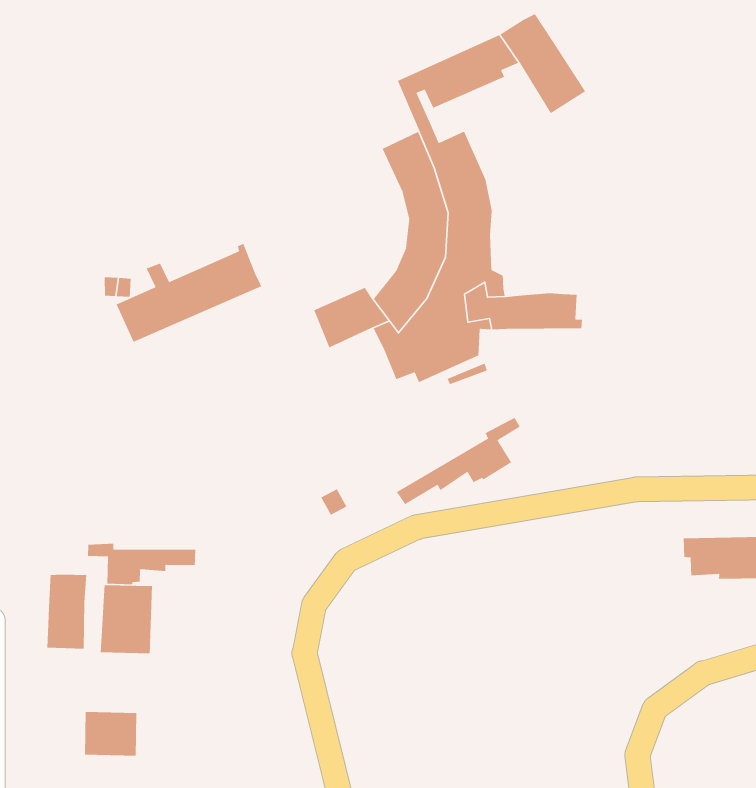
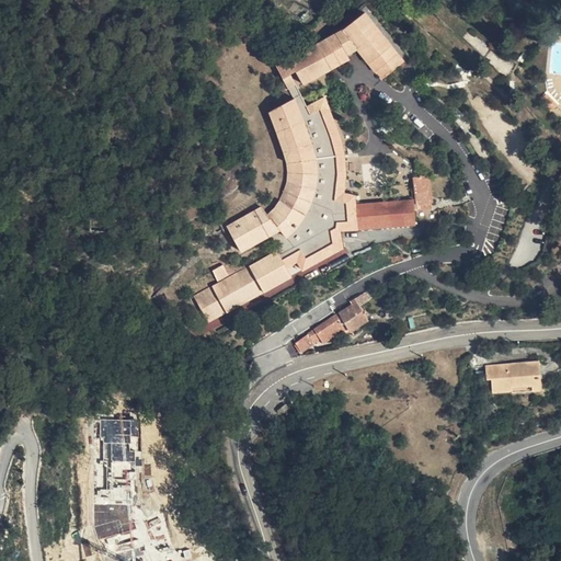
building: [116,243,262,343] -> [194,248,291,319]
building: none -> [404,178,431,227]
building: [87,543,196,585] -> none
building: [46,574,87,649] -> none

